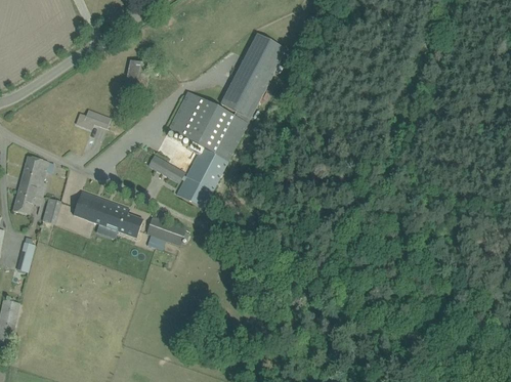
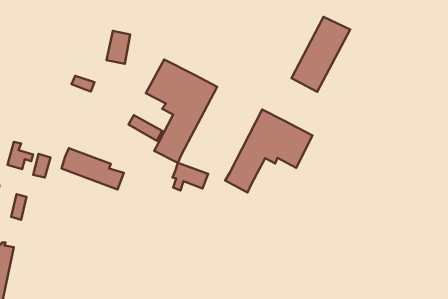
building: [220,34,286,118] -> [291,17,350,92]
building: none -> [225,109,312,192]
building: [19,156,48,198] -> none
building: [145,216,185,247] -> [172,163,208,190]

